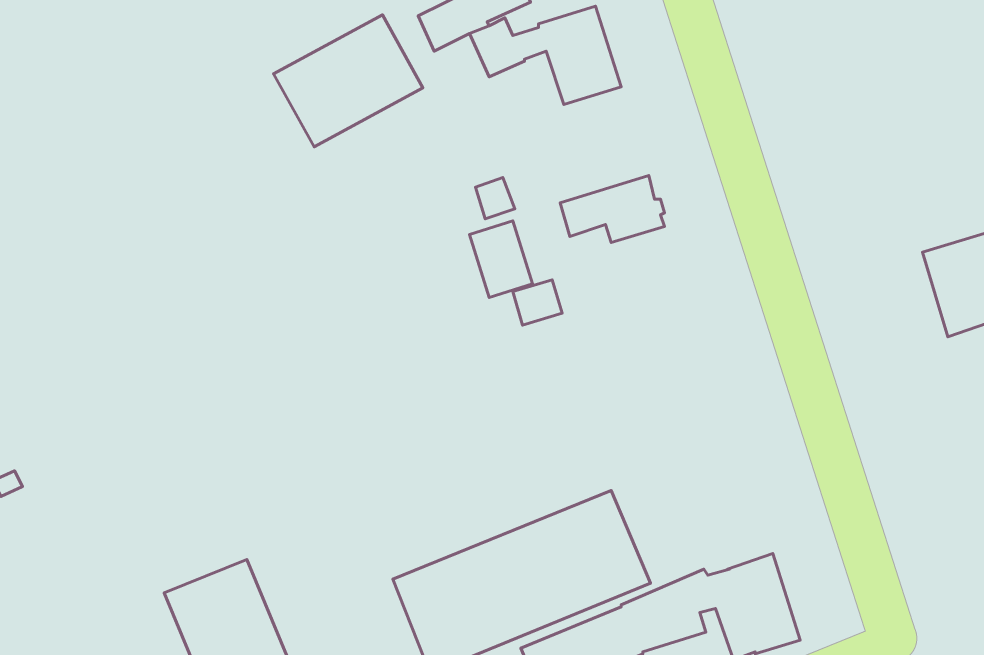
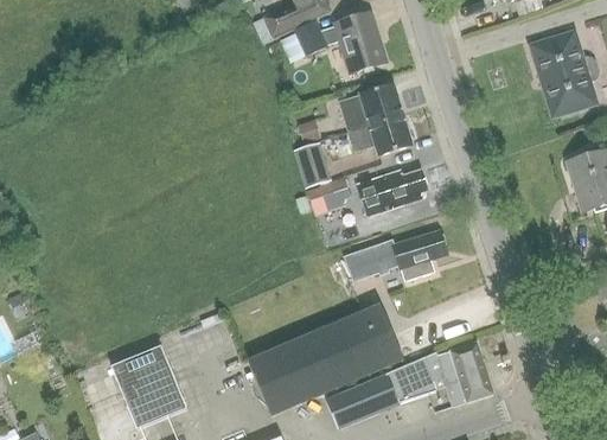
building: [274,15,423,147] -> none
building: none -> [531,31,599,115]
building: none -> [339,83,402,130]
building: none -> [357,170,428,216]
building: none -> [345,229,448,281]

